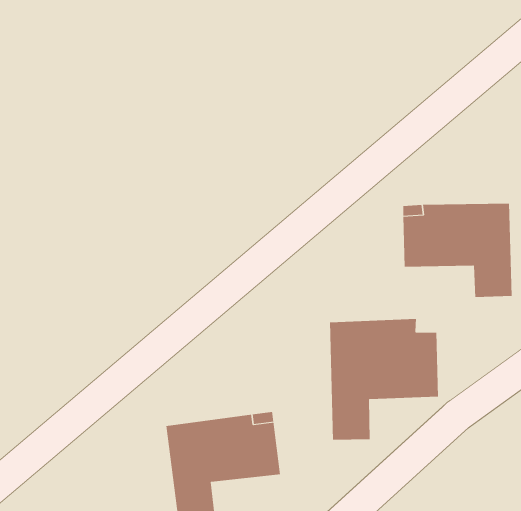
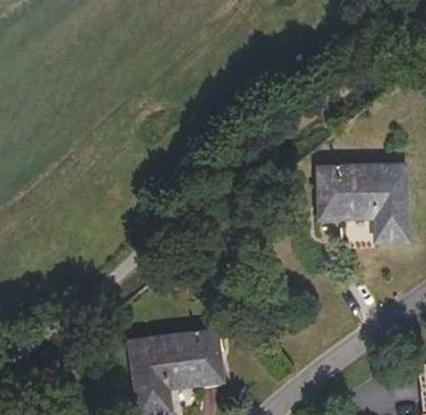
building: [330,318,438,440] -> none

